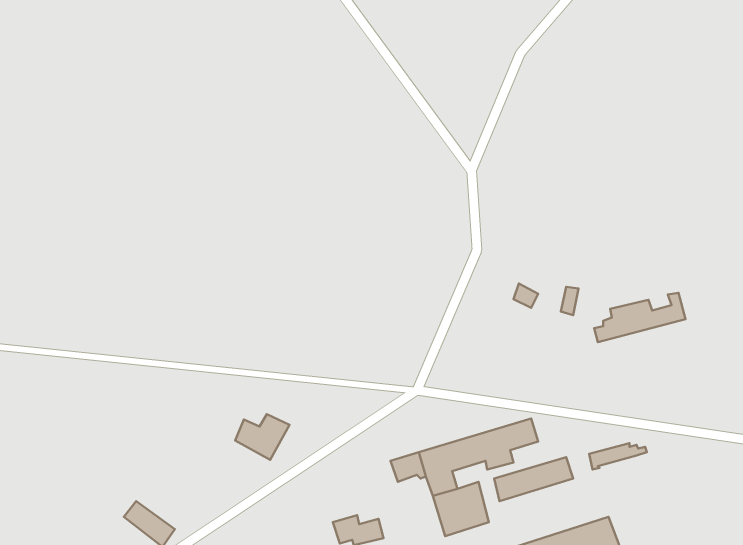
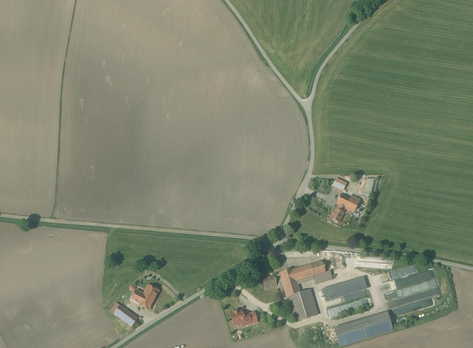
building: [594,293,686,342] -> [389,279,441,307]
building: none -> [330,193,362,223]
building: [235,414,289,460] -> [131,284,162,310]

